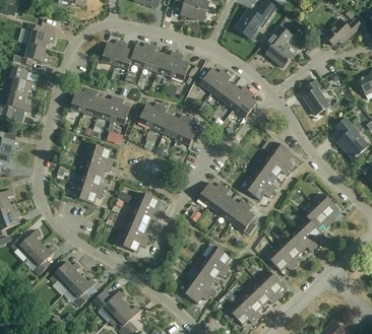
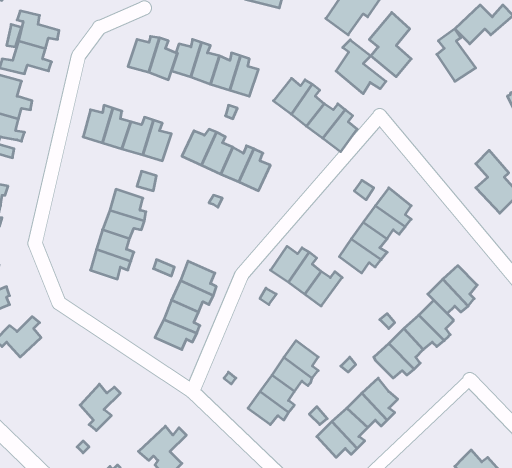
building: none -> [336,40,386,94]
building: [303,79,329,115] -> [437,29,476,81]
building: [232,203,257,236] -> none
building: [27,244,56,274] -> none
building: [51,261,81,289] -> none
building: [91,289,126,321] -> none

